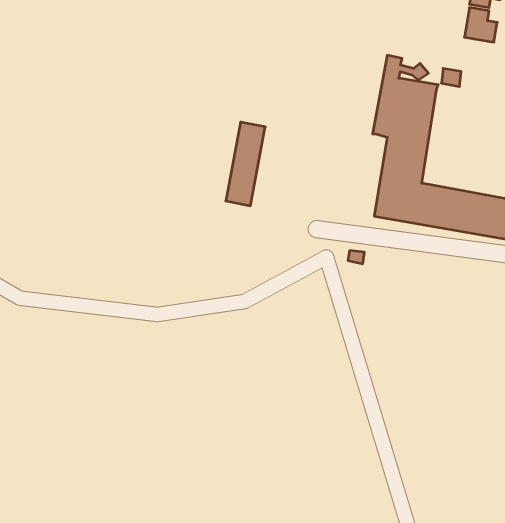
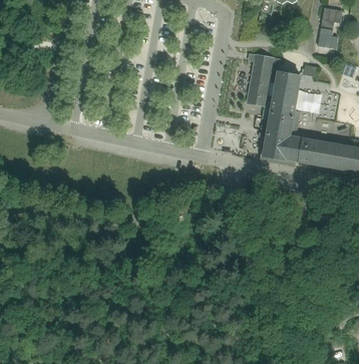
building: [226,122,265,206] -> [247,54,271,105]

